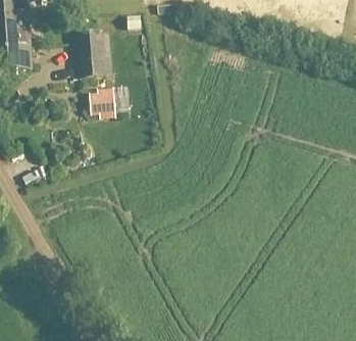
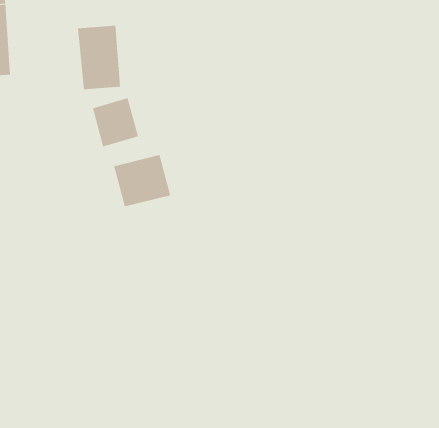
building: none -> [113,154,171,207]

